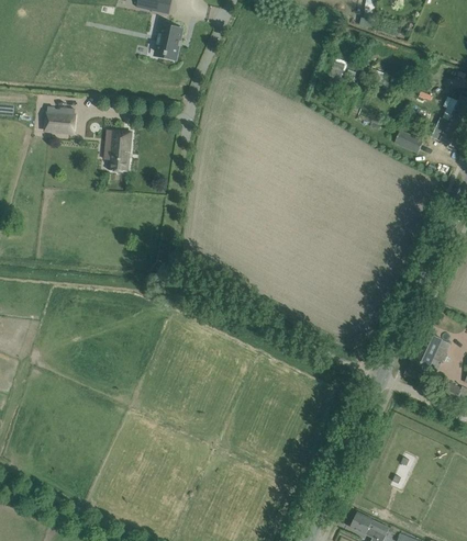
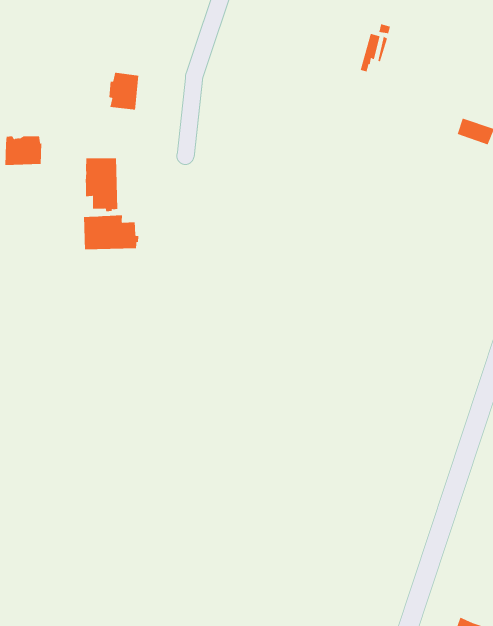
building: [155,25,180,56] -> [109,72,139,110]
building: none -> [83,215,139,250]

